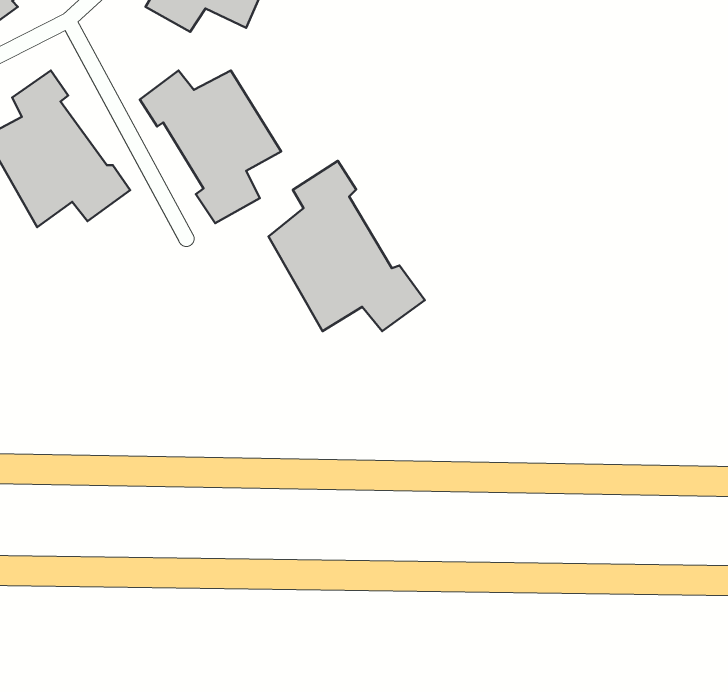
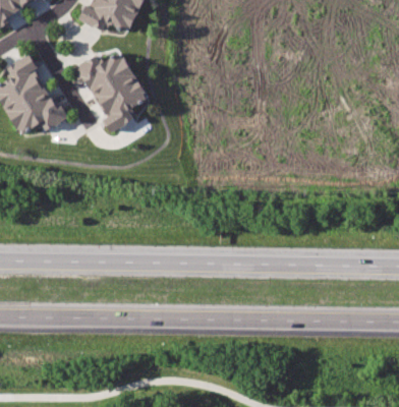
building: [268,161,425,331] -> none

